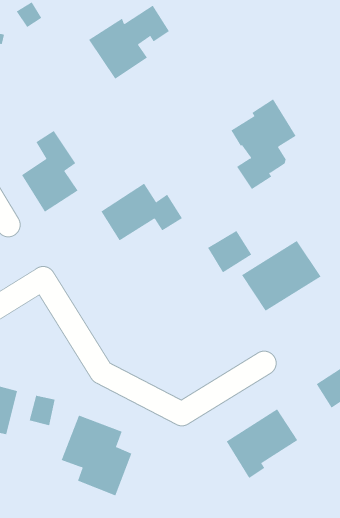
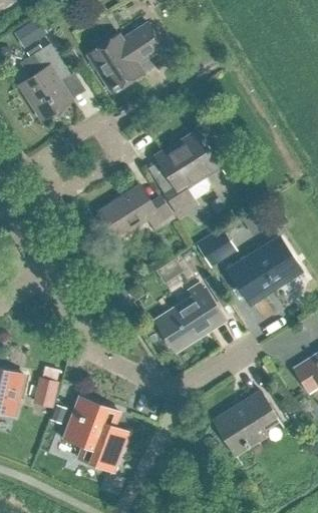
building: [231,99,296,190] -> [157,131,218,214]
building: [21,130,78,213] -> [19,44,71,119]
building: none -> [155,283,223,350]

